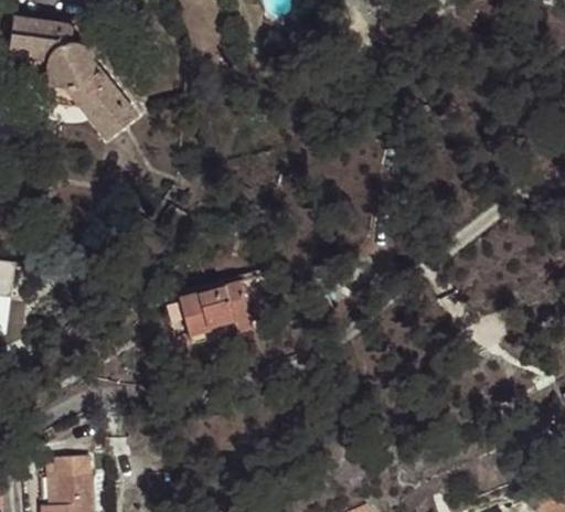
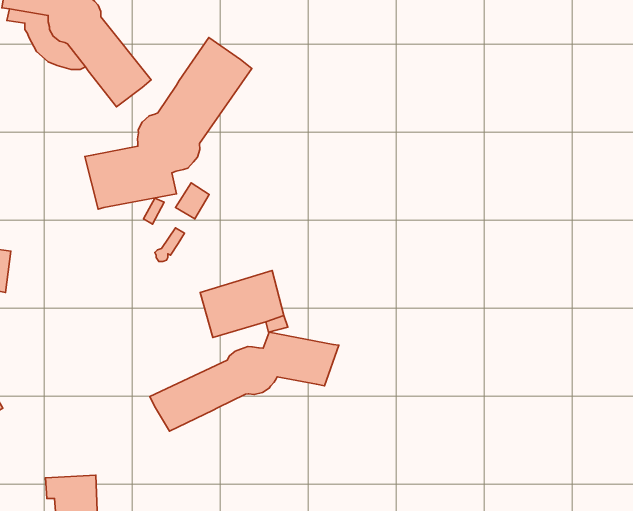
building: none -> [85,38,252,209]
building: none -> [150,332,339,431]

